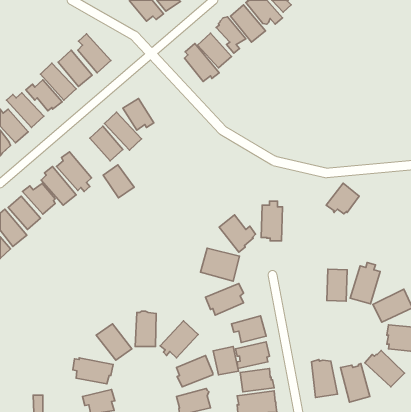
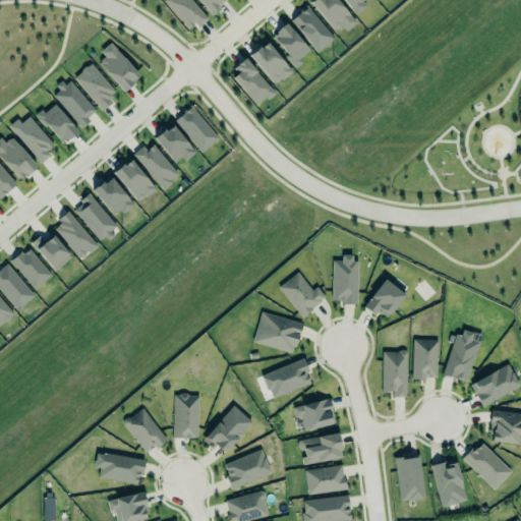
building: none -> [176,106,221,152]
building: [103,165,134,198] -> [96,177,134,219]
building: [326,183,359,214] -> [364,279,406,317]
building: none -> [384,352,409,399]
building: [213,346,238,375] -> none

